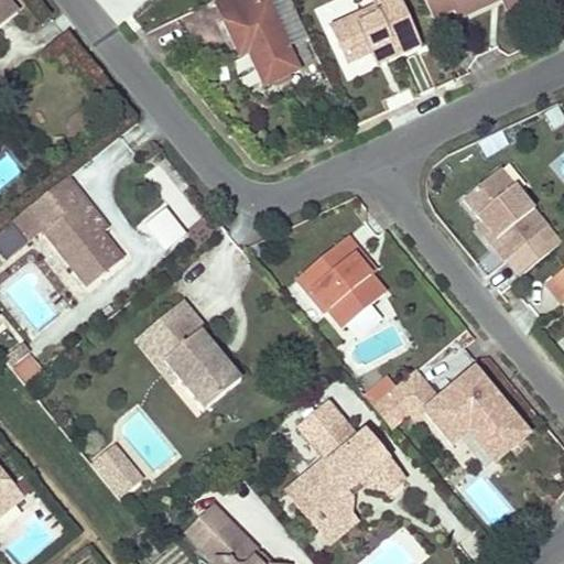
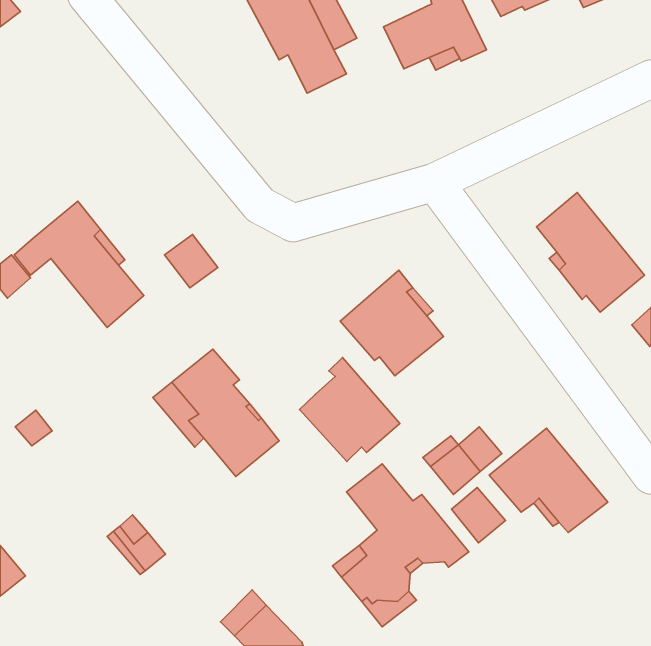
building: none -> [299,357,400,462]
building: none -> [452,488,506,543]

